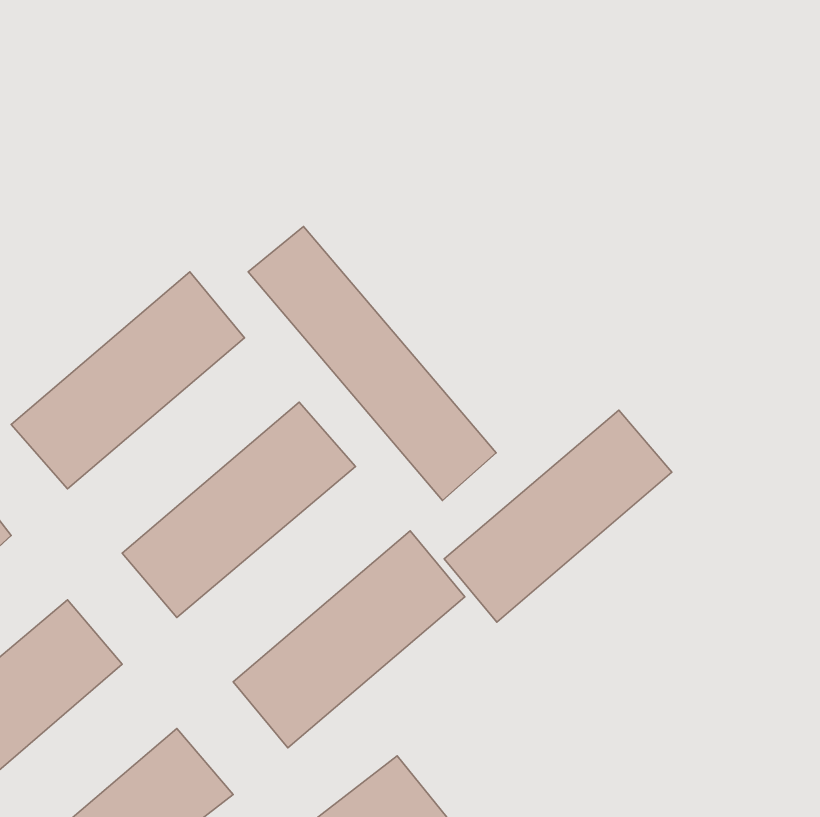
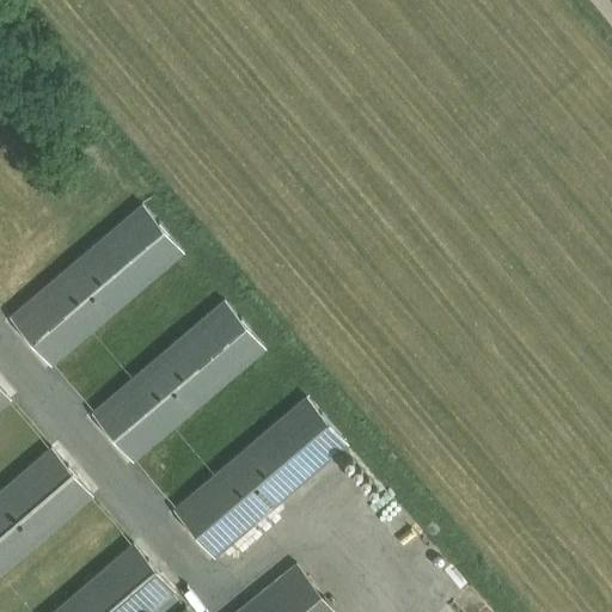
building: [248,227,496,501] -> none
building: [444,410,672,622] -> none

